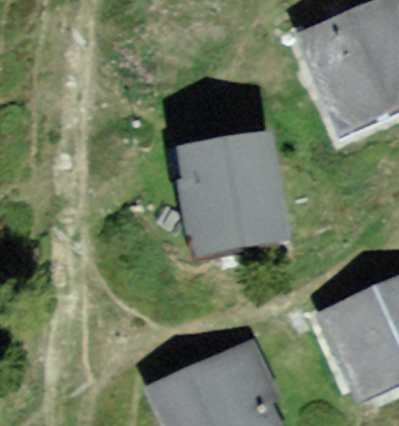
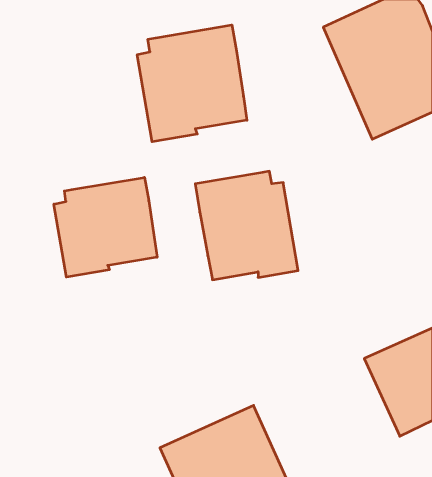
building: none -> [137,25,247,142]
building: none -> [54,177,157,277]

